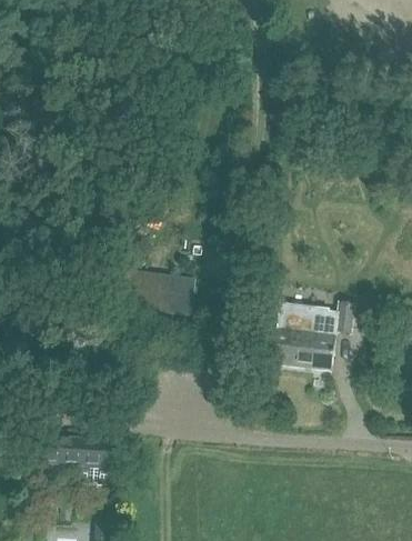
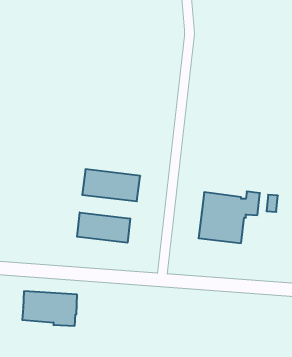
building: none -> [77,212,130,243]

